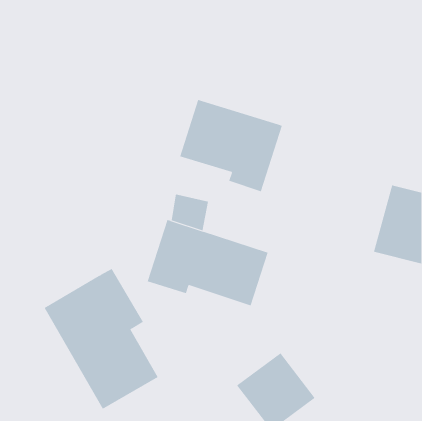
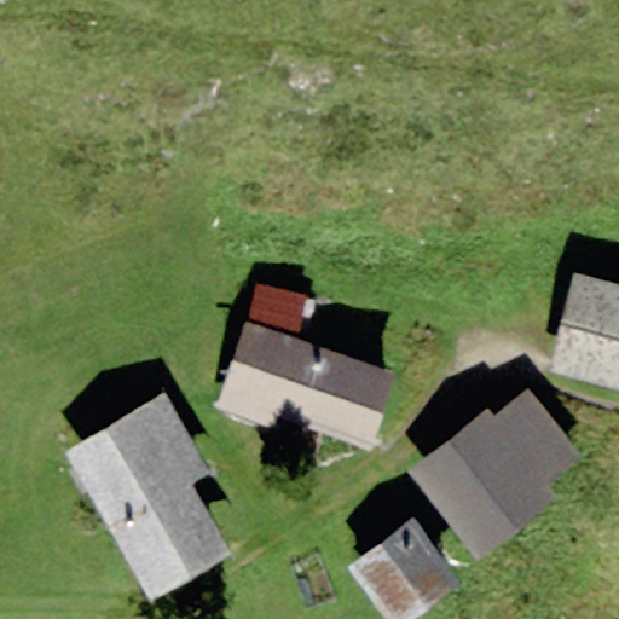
building: [180,99,282,192] -> none
building: none -> [409,389,580,559]

